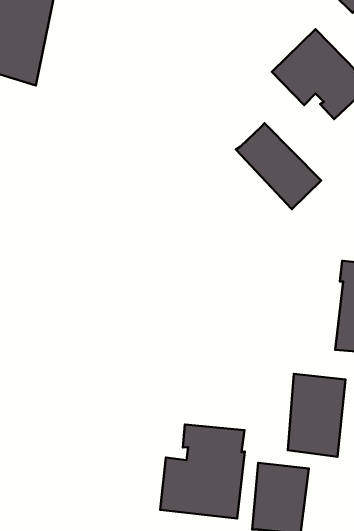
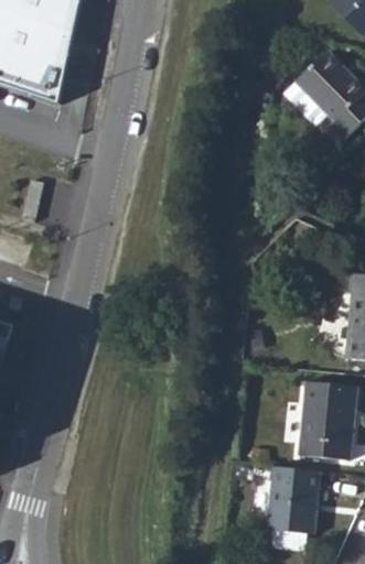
building: [236,123,321,209] -> none
building: [160,424,245,519] -> none

